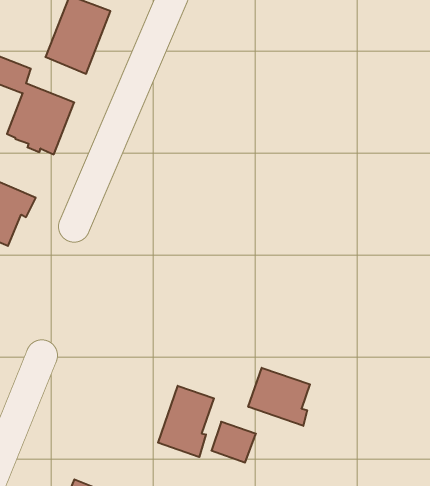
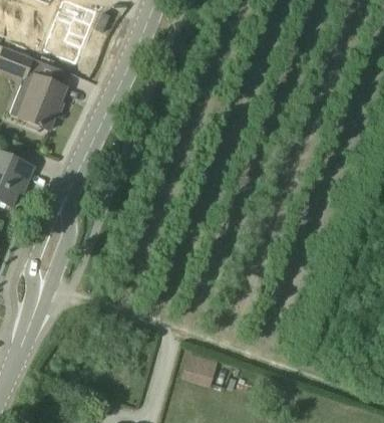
building: [248,368,310,426] -> none
building: [158,386,214,457] -> none

